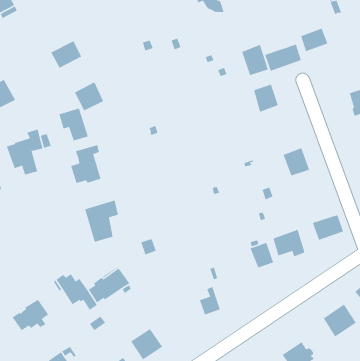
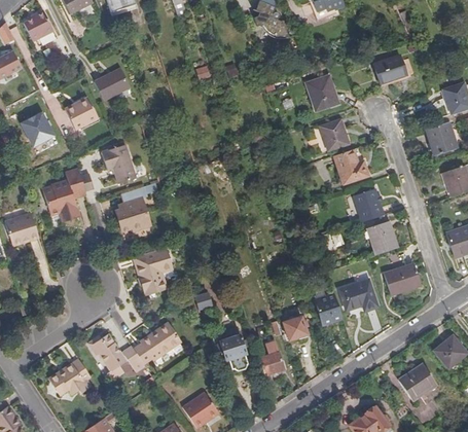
building: [264,44,302,72] -> none
building: [74,81,104,112] -> [65,97,99,131]
building: none -> [334,149,369,184]
building: none -> [368,220,398,254]
building: none -> [285,316,310,339]
building: none -> [220,328,250,372]

